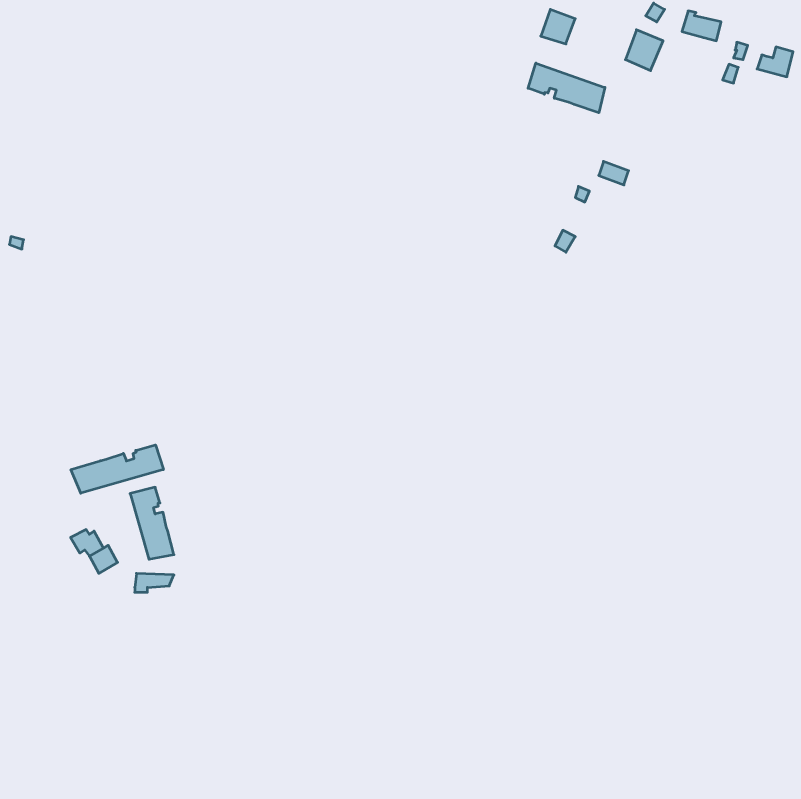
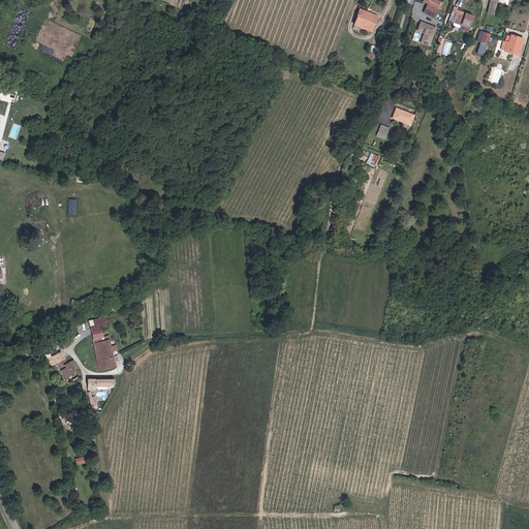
building: [528,63,605,113] -> none
building: [71,445,163,493] -> none

